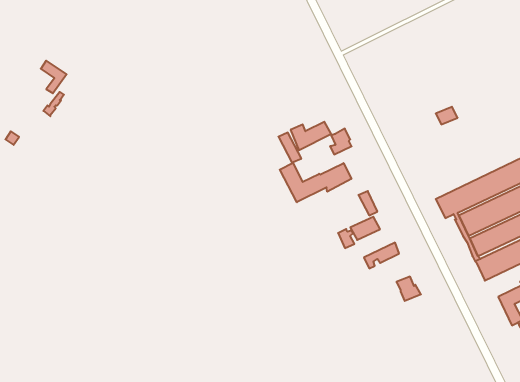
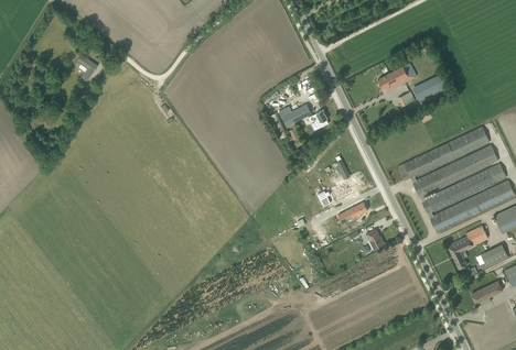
building: none -> [378,63,416,91]
building: none -> [411,75,444,102]
building: [280,163,351,202] -> none

